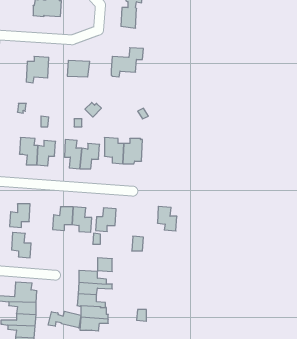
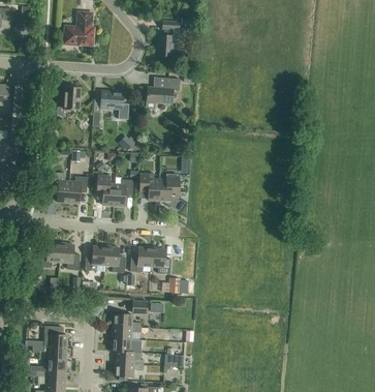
building: [157,206,177,231] -> [151,248,171,274]
building: [12,232,31,258] -> [60,243,81,270]
building: [48,311,81,328] -> none

